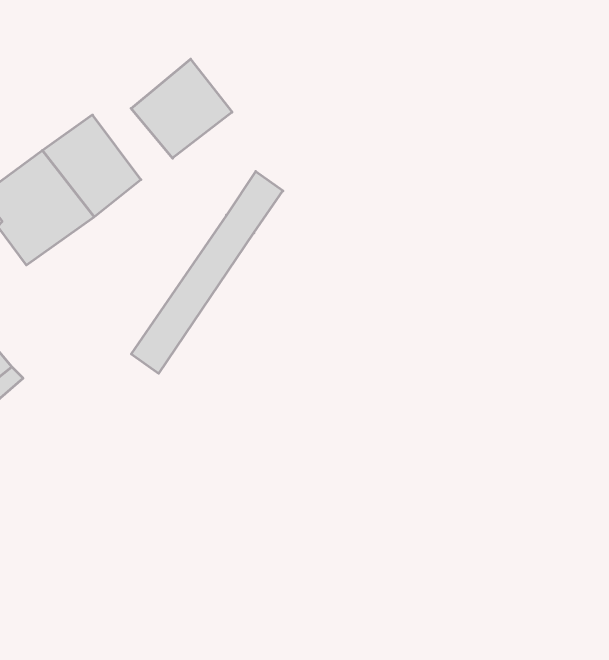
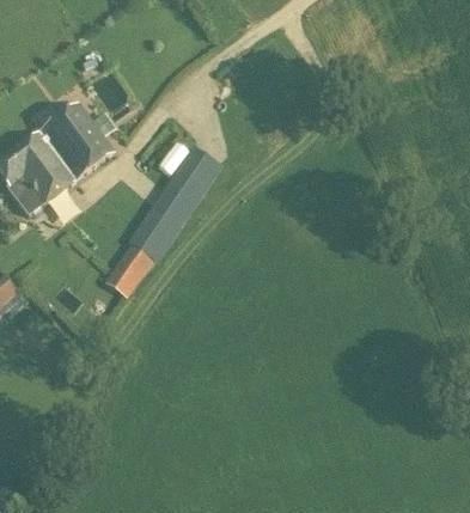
building: [131,59,232,158] -> none

